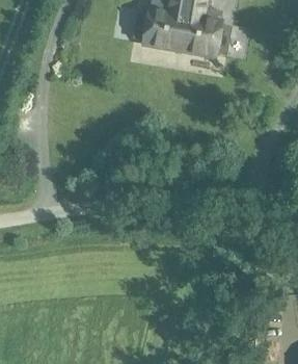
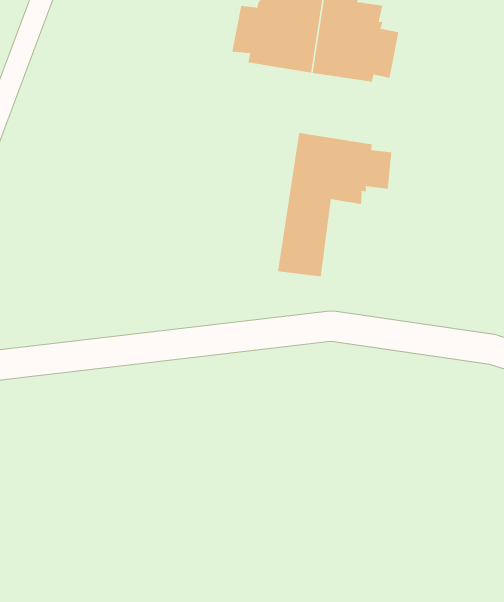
building: none -> [277,132,392,277]

